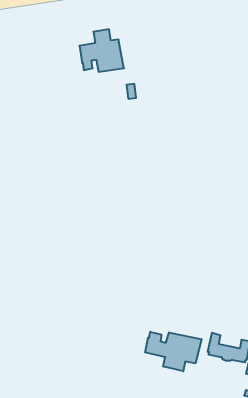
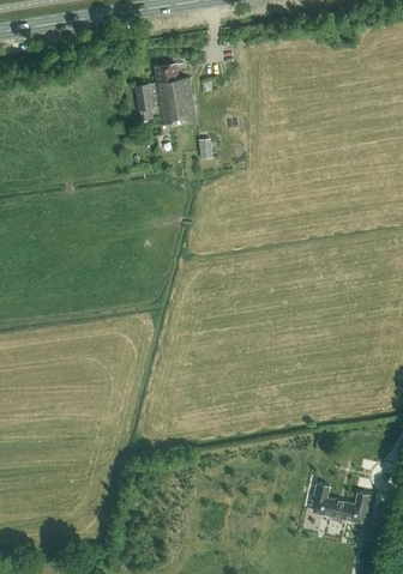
building: [145,332,201,371] -> none

